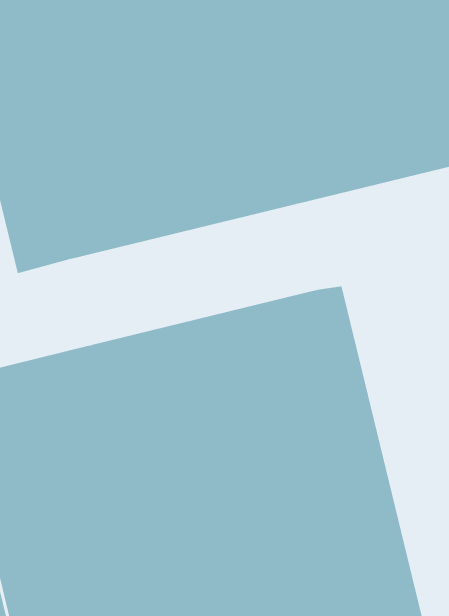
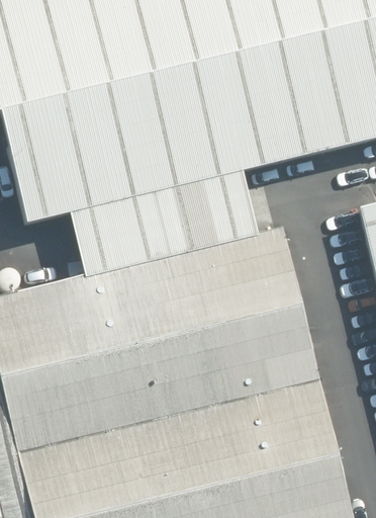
building: none -> [69,170,259,278]

